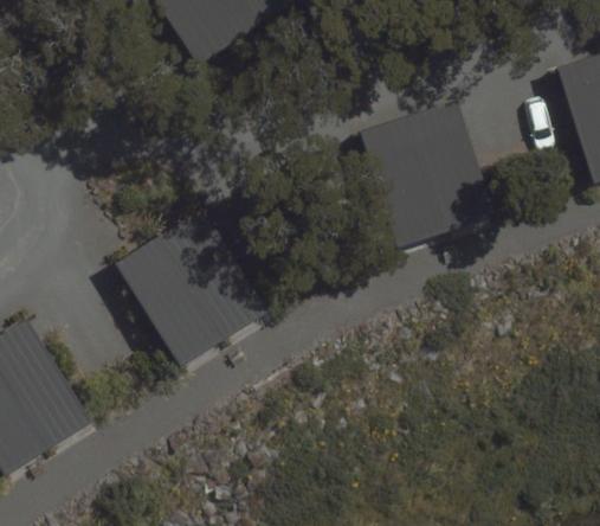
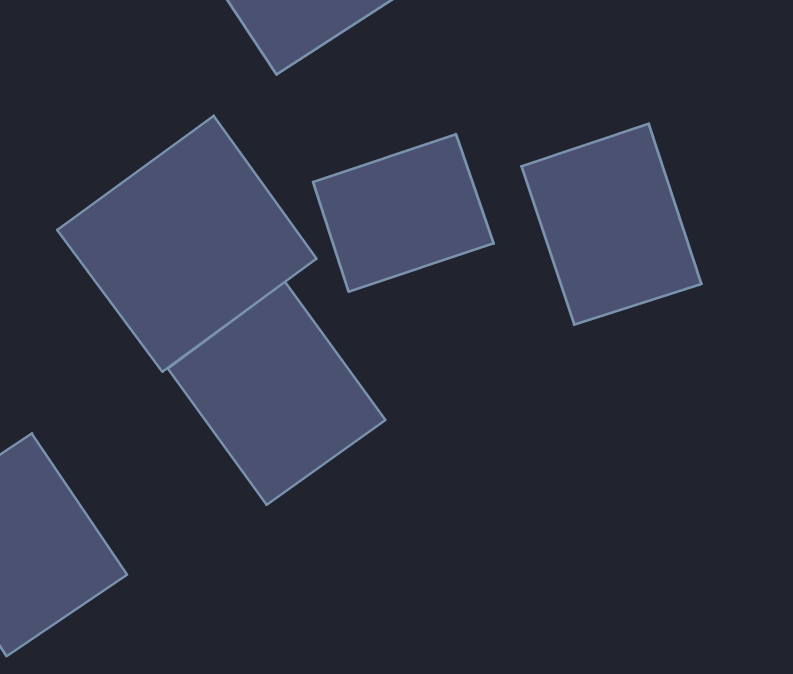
building: none -> [57,116,316,372]
building: none -> [313,134,494,292]

